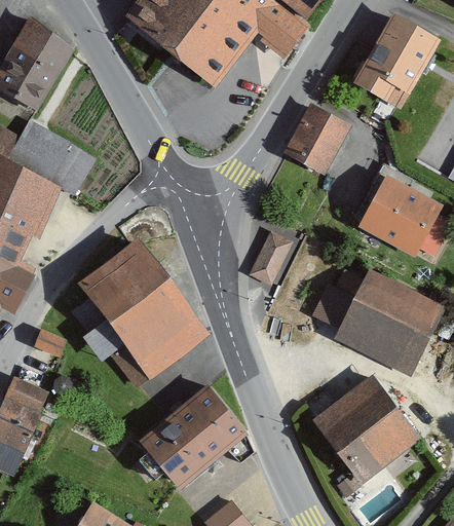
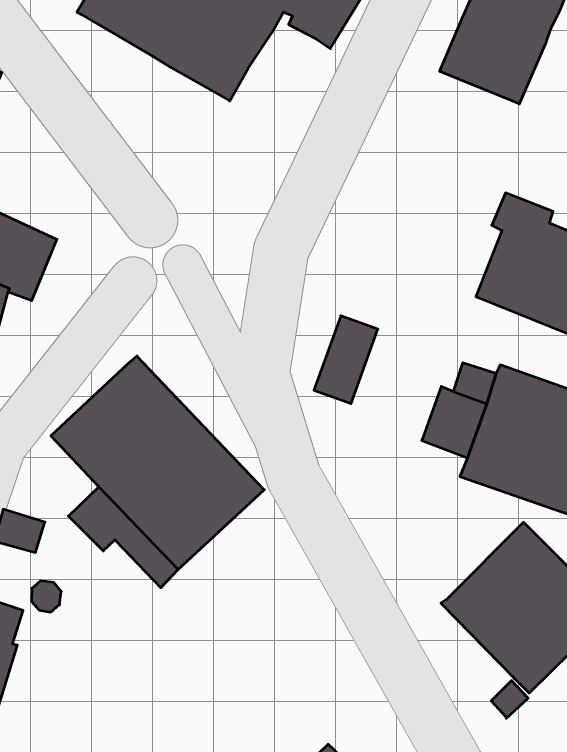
building: [288,105,349,171] -> none
building: [140,386,254,487] -> none

